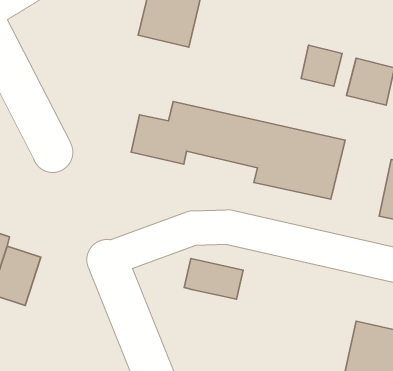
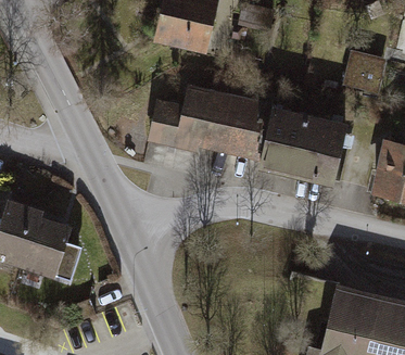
building: [301,45,342,86] -> none
building: [184,258,243,299] -> none

